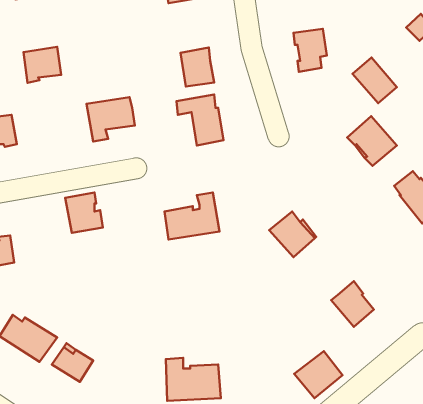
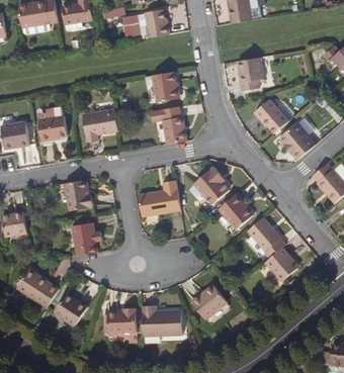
building: [24,47,61,83] -> [37,114,66,142]
building: [353,58,397,103] -> [254,97,287,131]
building: none -> [194,166,229,204]
building: none -> [248,216,285,257]
building: none -> [72,222,102,255]
building: [294,351,343,398] -> [190,284,227,319]
building: none -> [106,311,136,333]

